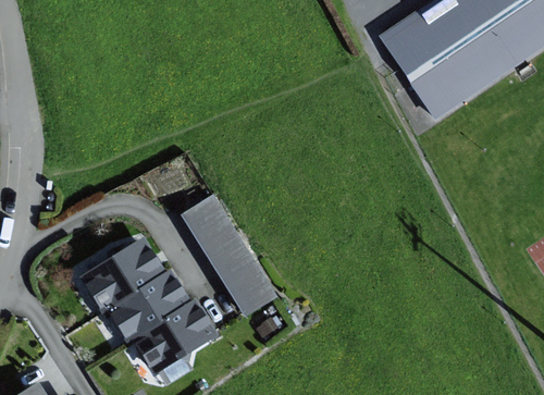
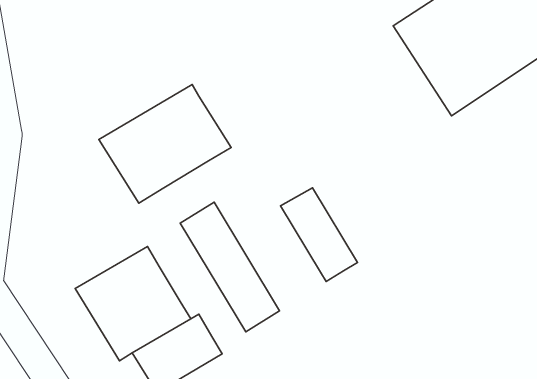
building: none -> [99,84,231,203]
building: none -> [280,188,358,281]

